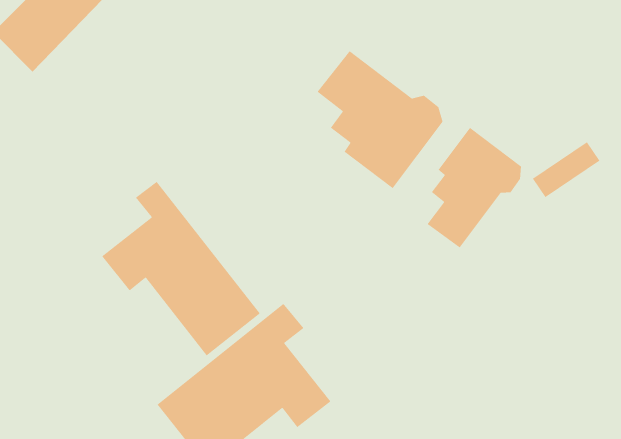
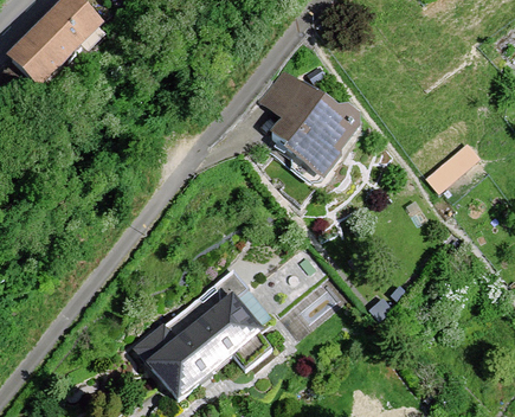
building: [427,127,522,249] -> none
building: [101,181,261,356] -> none

